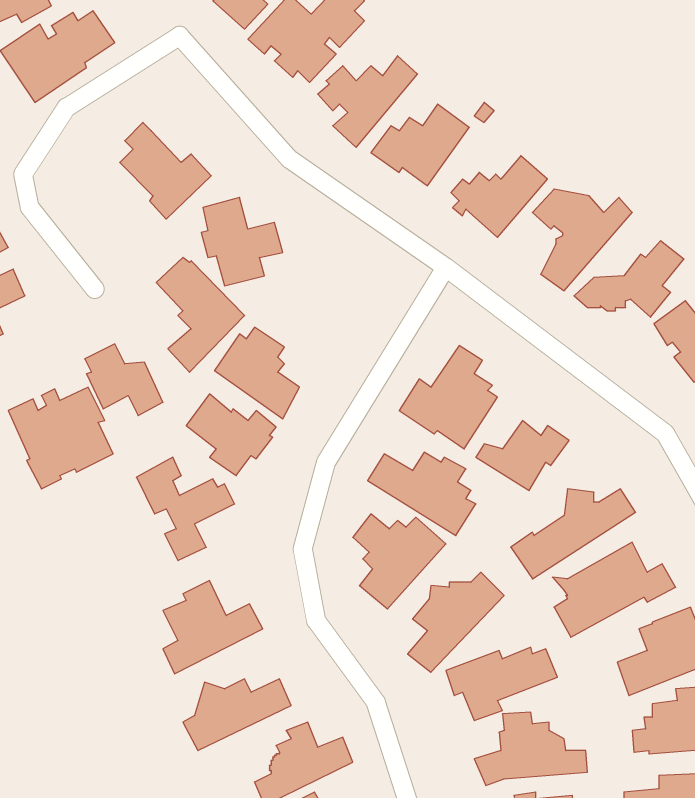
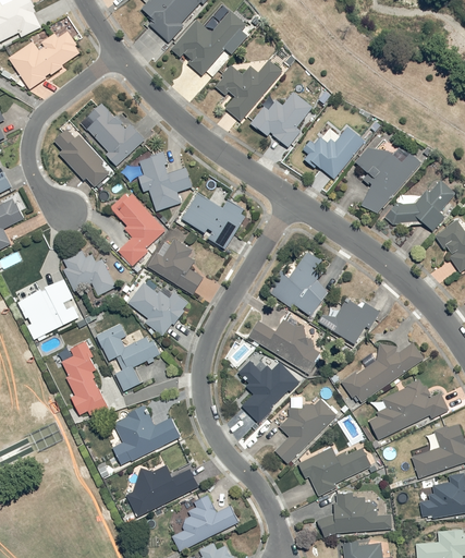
building: none -> [53,119,110,185]
building: none -> [181,193,246,250]
building: none -> [62,339,108,415]

